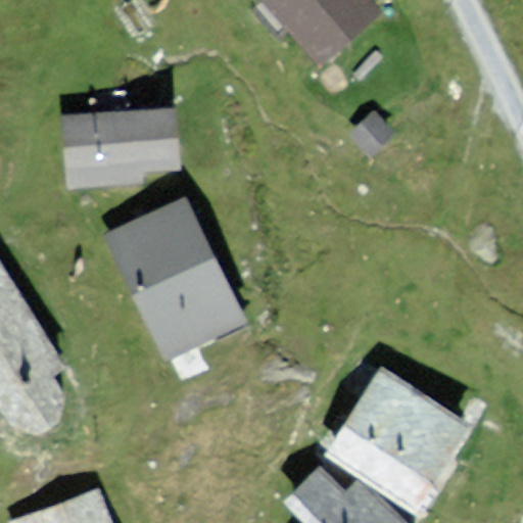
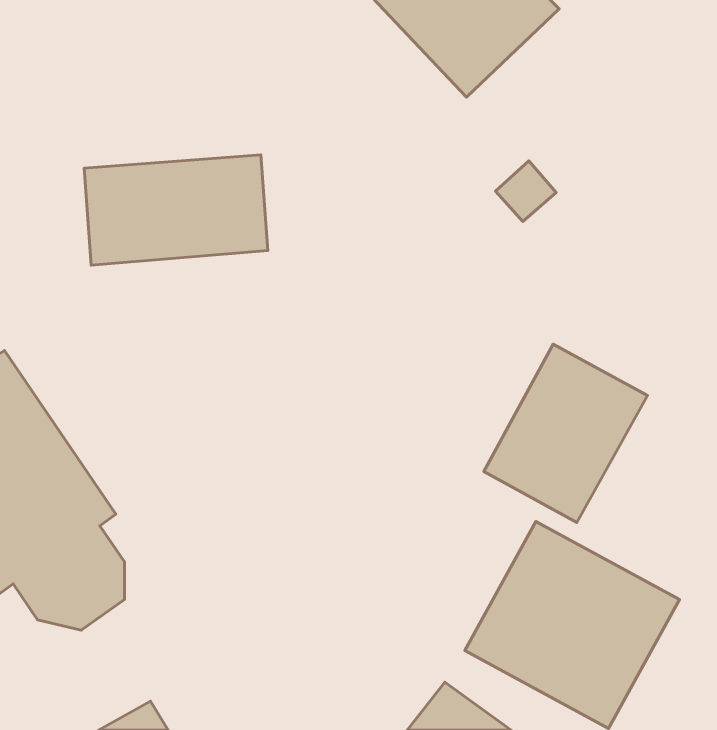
building: [106,194,257,359] -> none
building: none -> [484,344,648,523]

